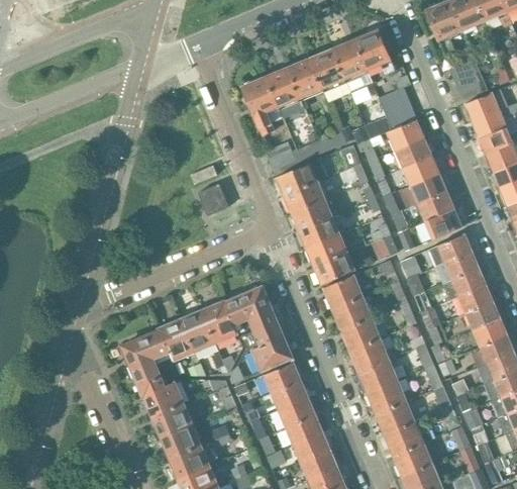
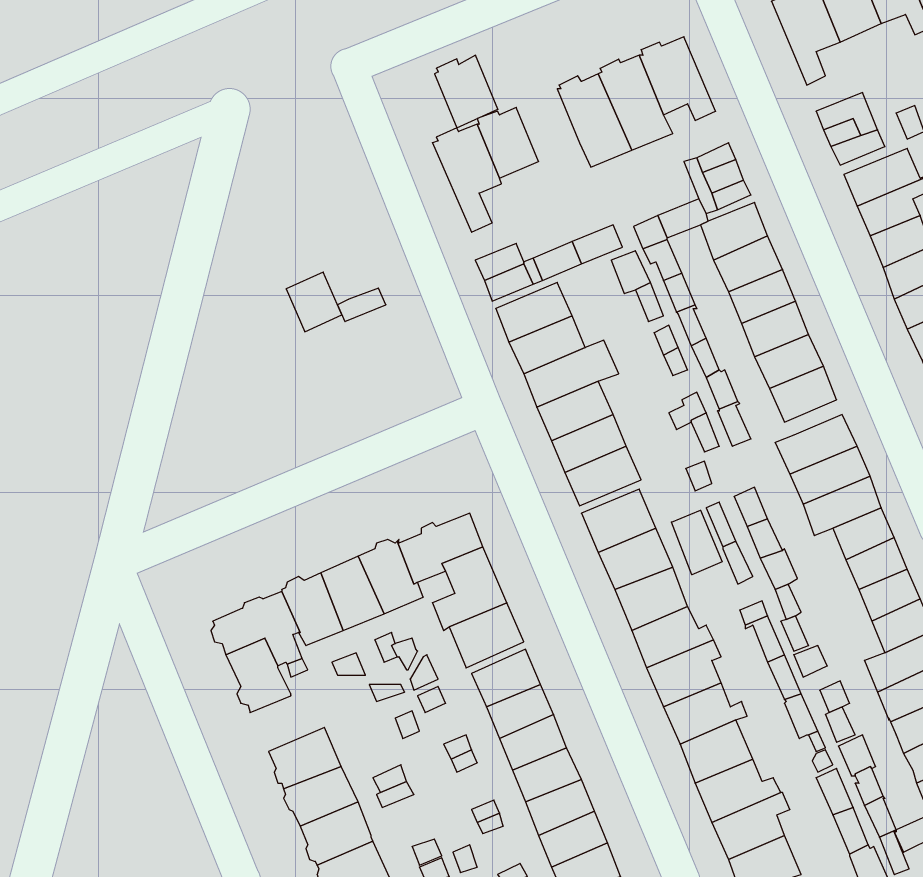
building: [287,58,321,97] -> [435,55,498,128]
building: [198,184,228,216] -> [286,272,342,332]
building: none -> [671,510,722,575]
building: [142,382,183,417] -> none

